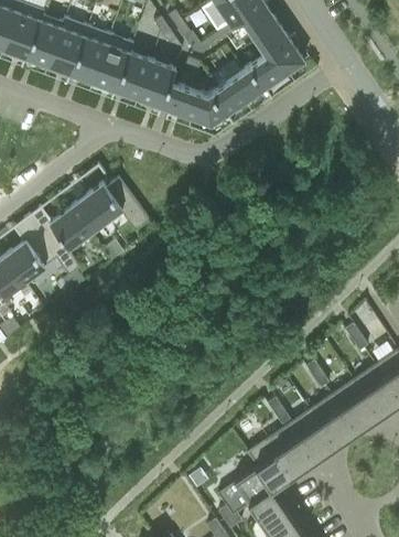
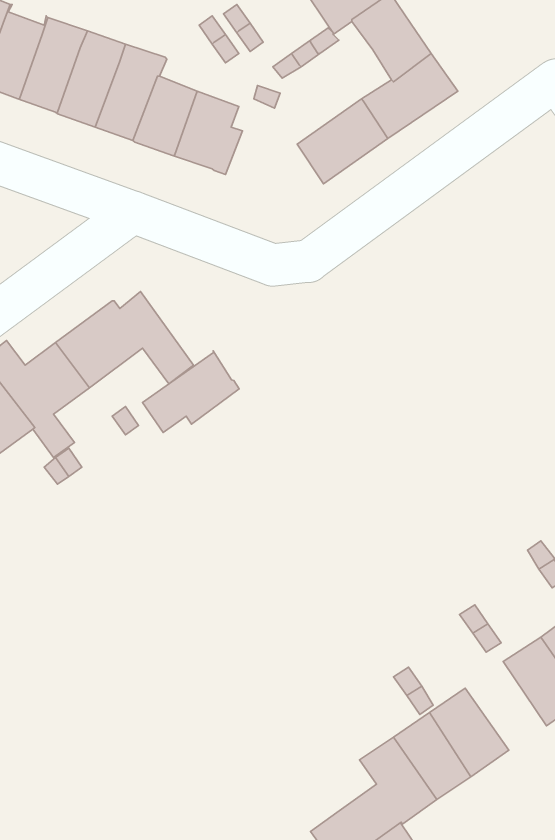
building: [169,86,226,127] -> none
building: none -> [142,351,239,432]
building: [309,396,356,448] -> none

